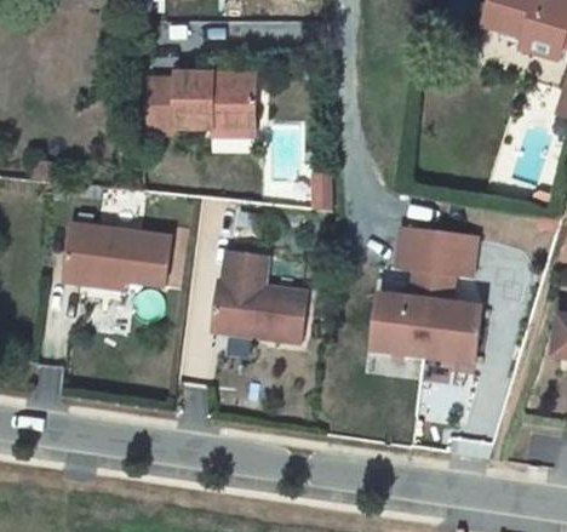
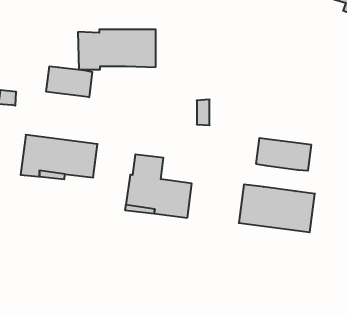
building: none -> [46,66,92,97]
building: [407,267,456,303] -> none

